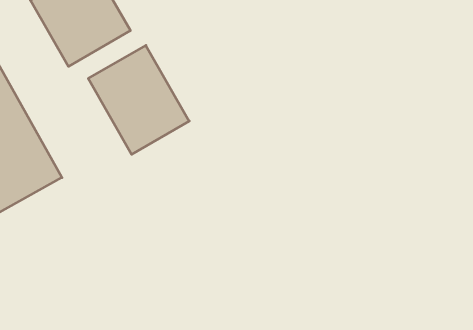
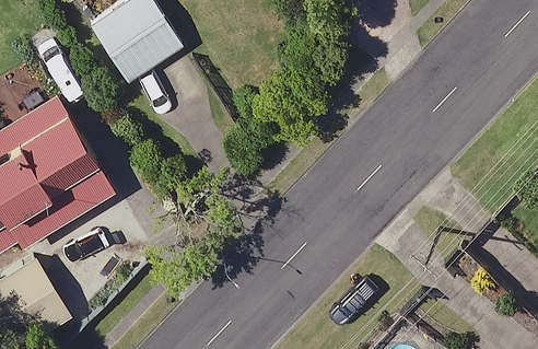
building: [88,45,189,154] -> none

